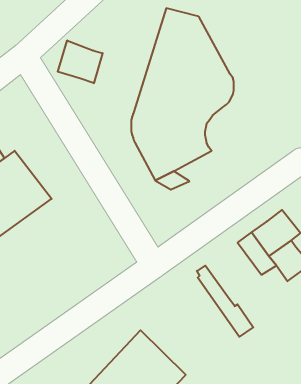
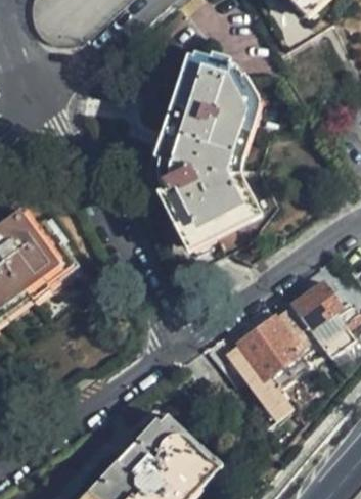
building: [58,40,103,83] -> none
building: none -> [238,315,301,377]

